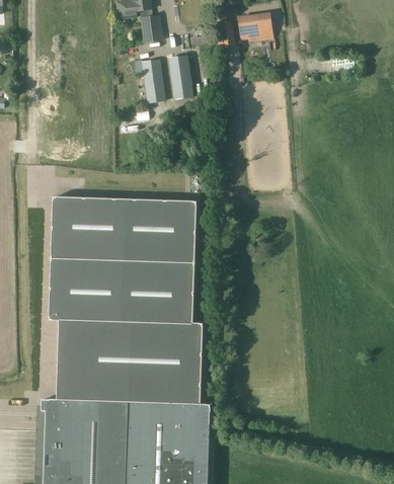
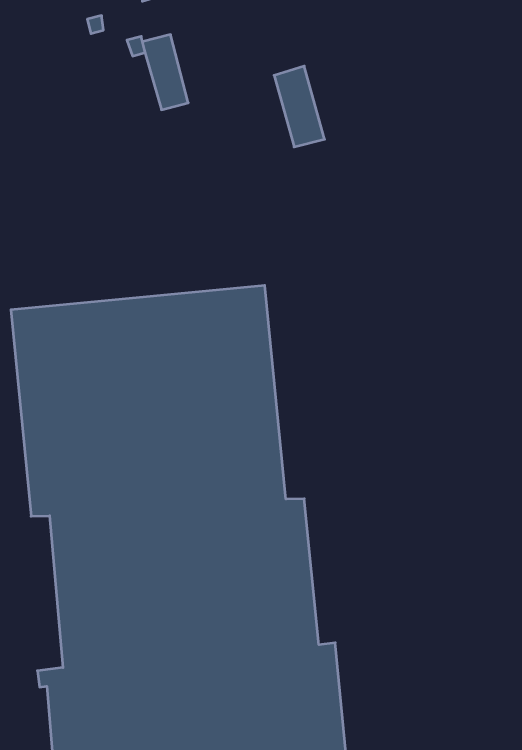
building: [169,55,192,98] -> [274,66,325,147]

